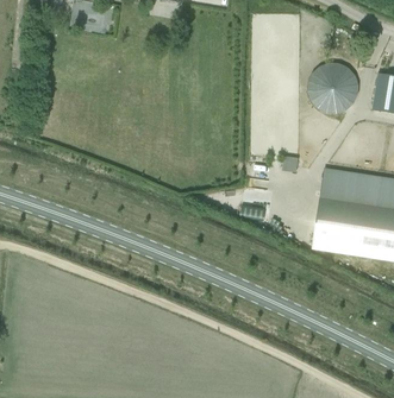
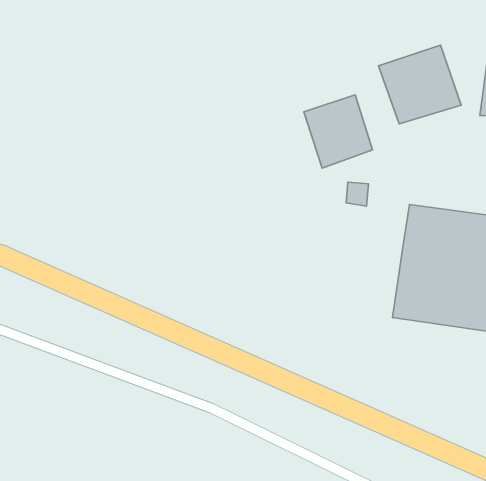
building: none -> [304,95,372,168]

